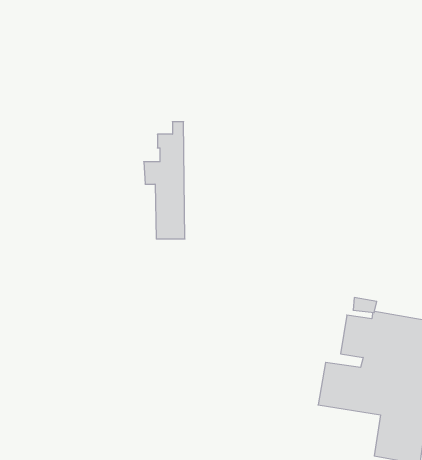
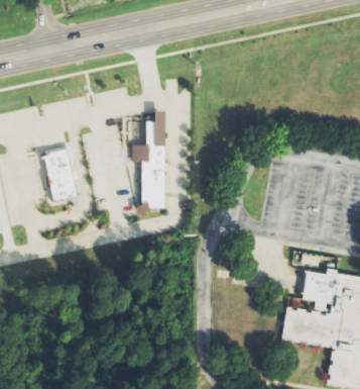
building: none -> [44,150,78,202]

